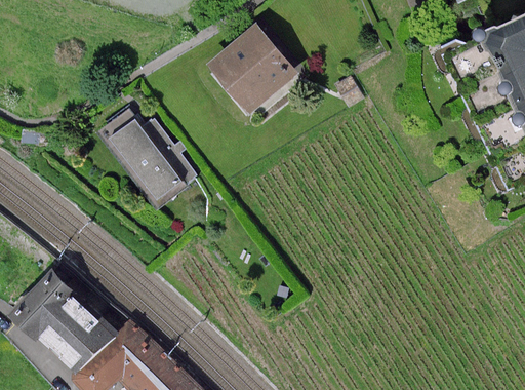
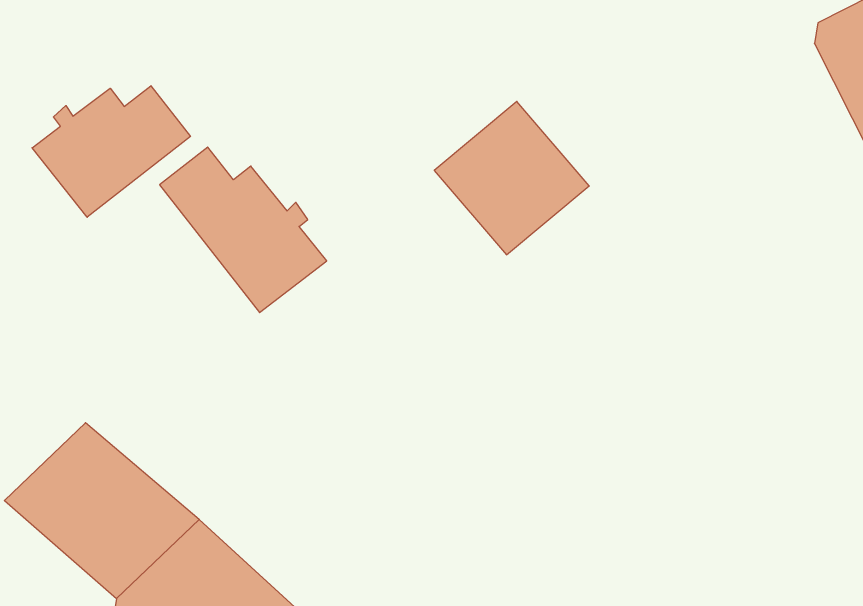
building: [206,26,298,117] -> [434,101,589,255]
building: none -> [32,86,190,217]

